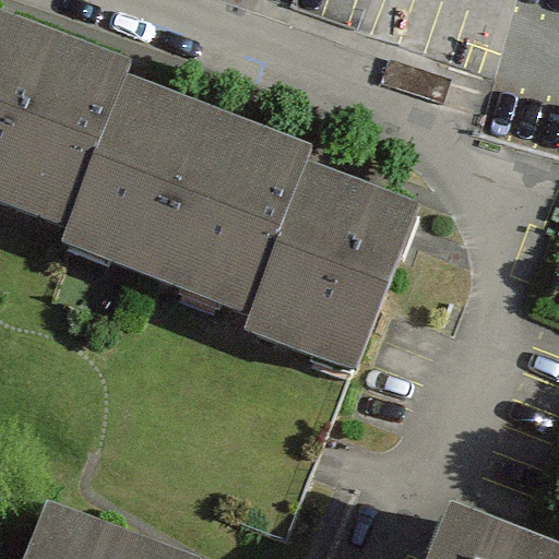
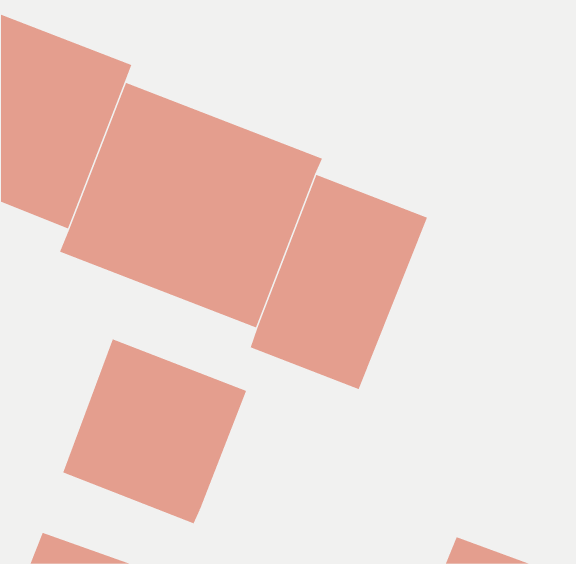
building: none -> [62,339,247,524]

